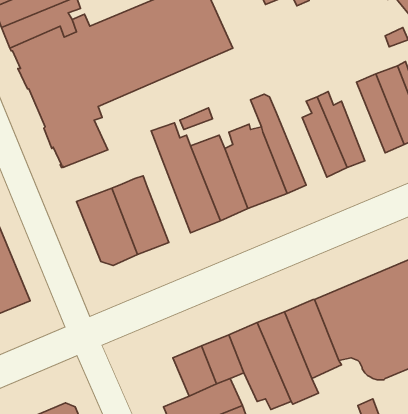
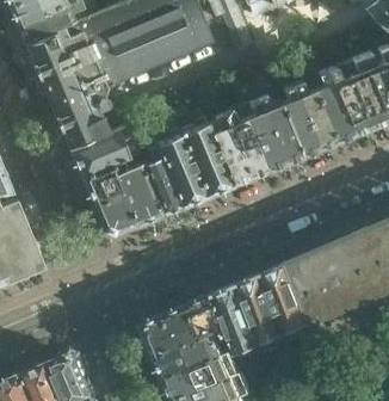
building: none -> [301,57,350,142]
building: none -> [245,68,298,164]
building: none -> [66,124,130,178]
building: none -> [141,141,179,214]
building: none -> [141,315,178,358]

